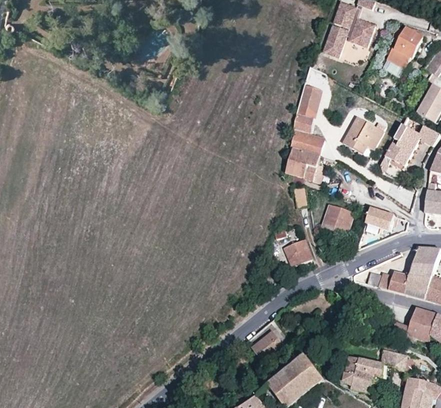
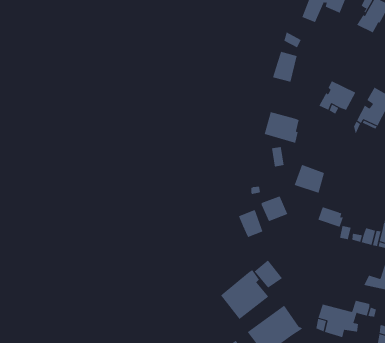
building: [289,114,323,157] -> none
building: [365,209,393,231] -> [318,207,344,227]
building: none -> [238,209,263,238]
building: none -> [254,259,283,289]

